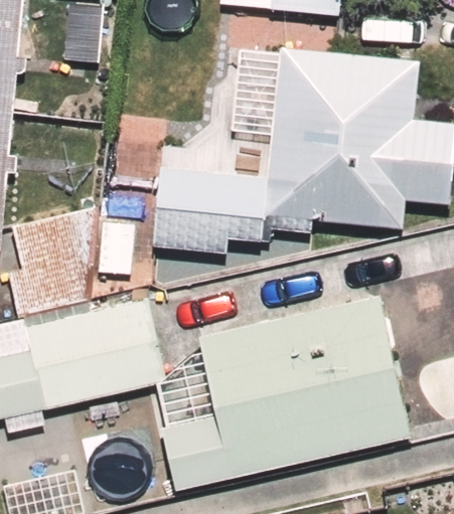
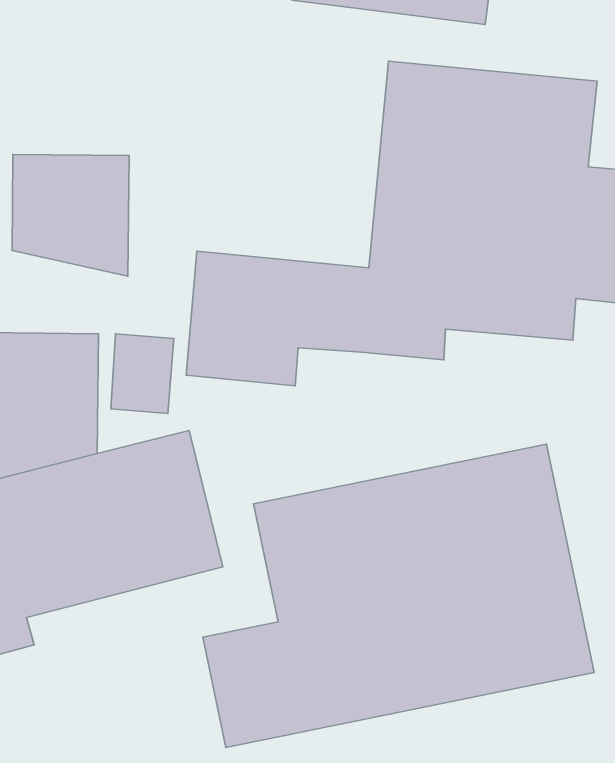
building: none -> [12,154,129,276]

